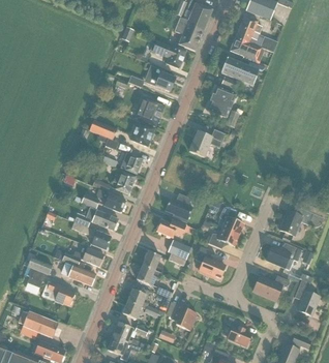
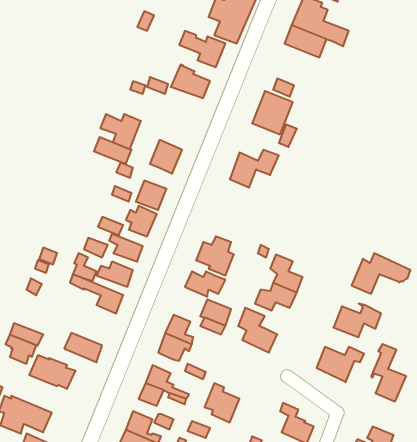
building: [220,57,265,85] -> none
building: [133,99,163,125] -> [100,114,141,149]
building: [62,247,103,266] -> none

